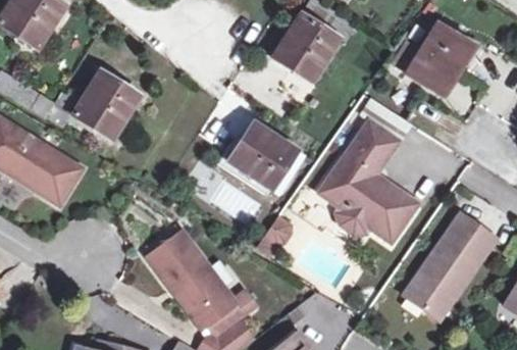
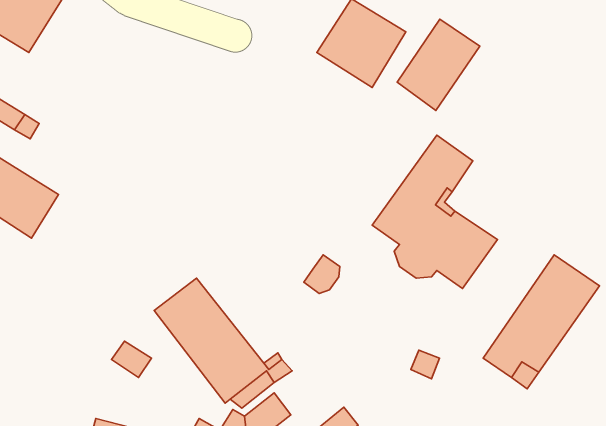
building: [407,23,472,96] -> [397,19,480,111]
building: [81,66,153,140] -> none
building: [229,118,300,186] -> none

